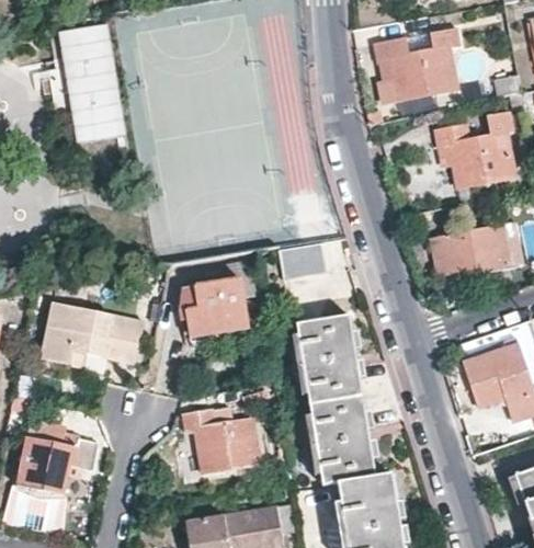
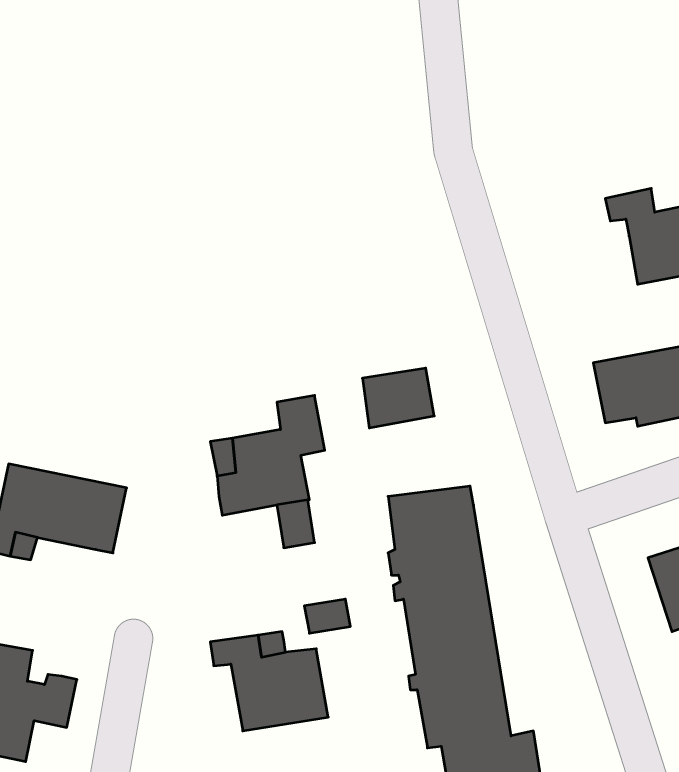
building: [55,20,126,141] -> none
building: [377,27,461,102] -> none

